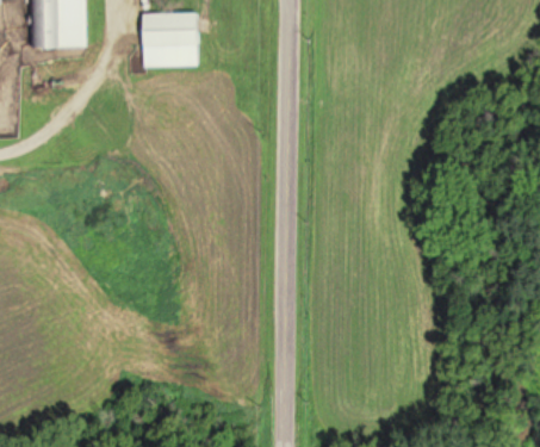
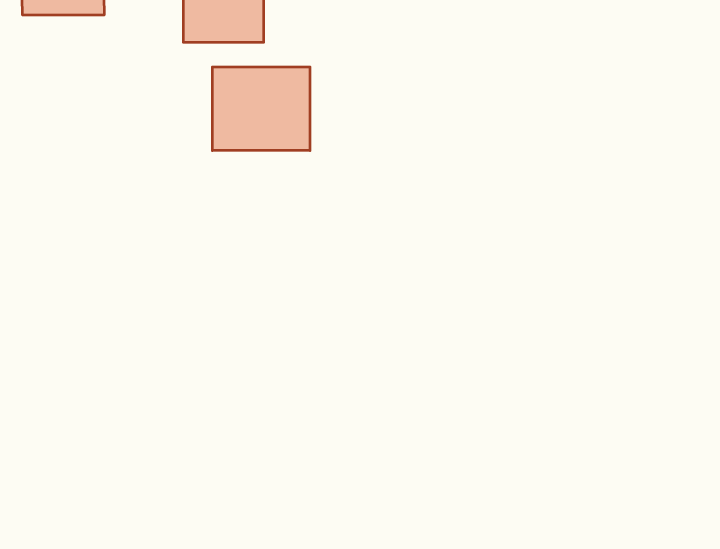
building: none -> [212,67,310,151]

